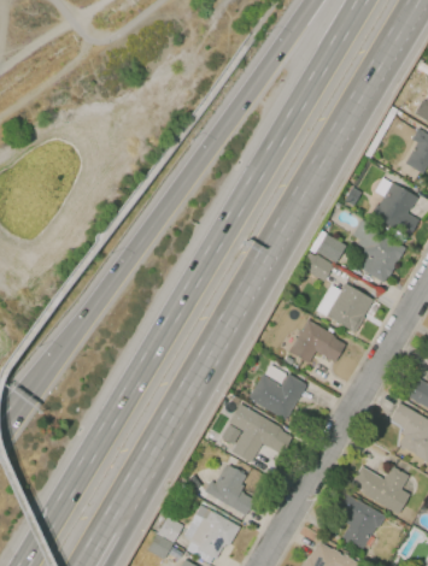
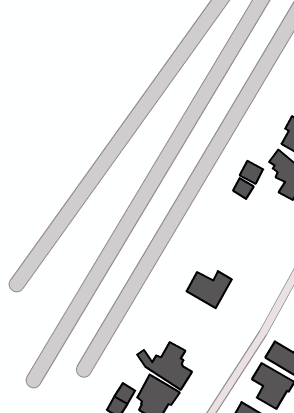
building: [326,283,375,332] -> none
building: [288,318,345,364] -> none
building: [229,403,295,462] -> none

